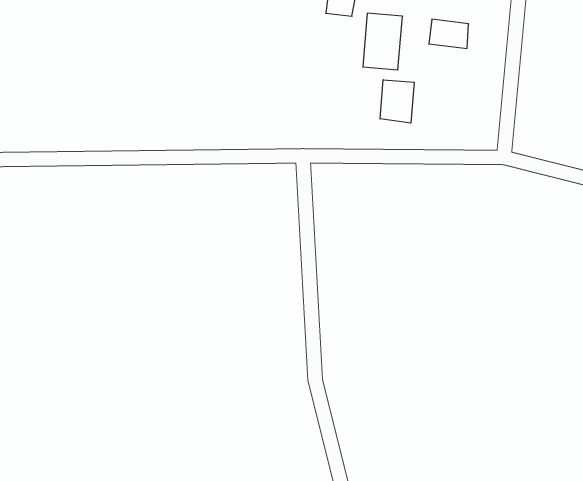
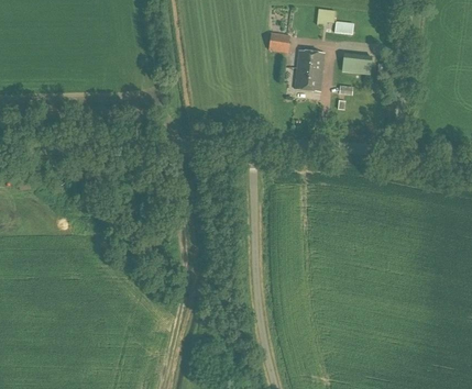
building: [380,80,414,123] -> none

